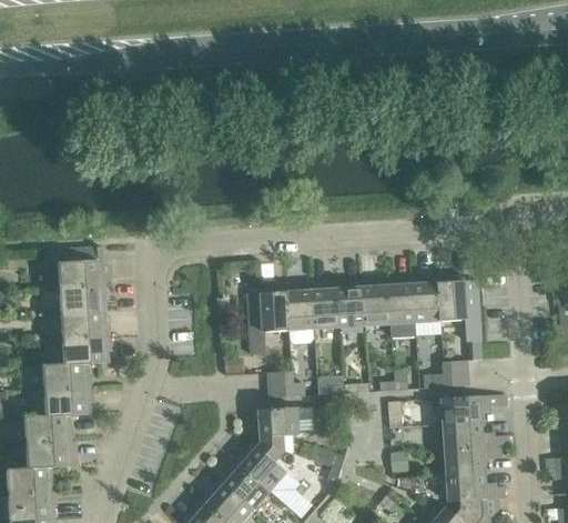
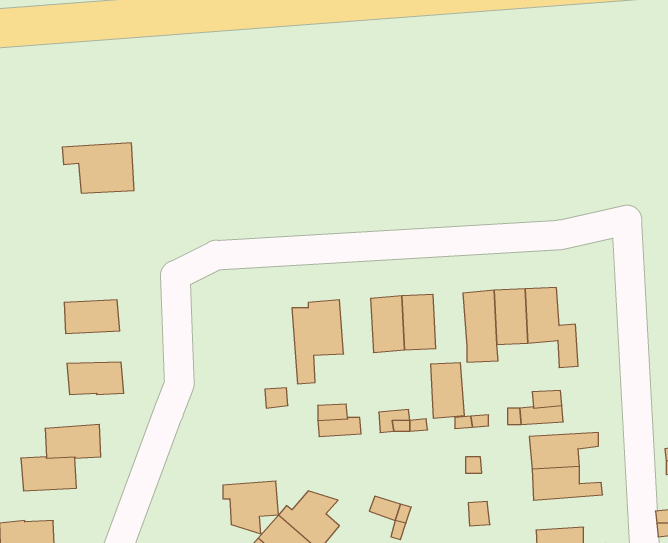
building: [44,249,103,290] -> [62,143,134,193]
building: [362,282,389,328] -> [431,363,464,418]
building: [285,286,313,332] -> none
building: [61,313,106,340] -> none
building: [42,364,89,393] -> none
building: [253,409,298,452] -> [223,481,279,534]
building: [27,442,72,470] -> none
building: [444,447,500,476] -> none

